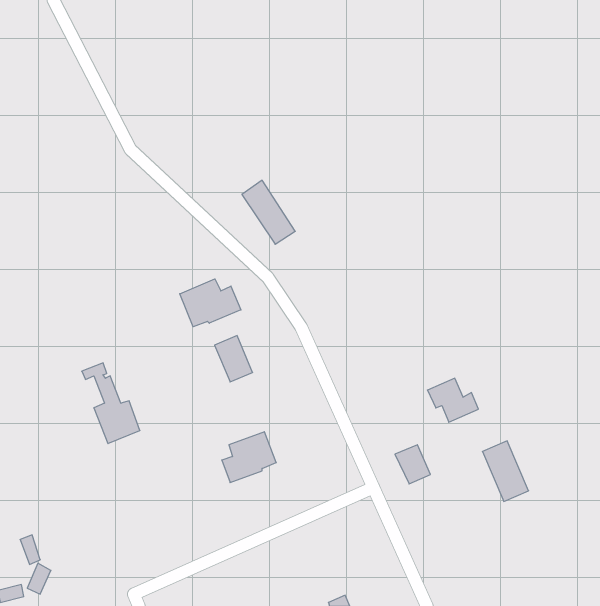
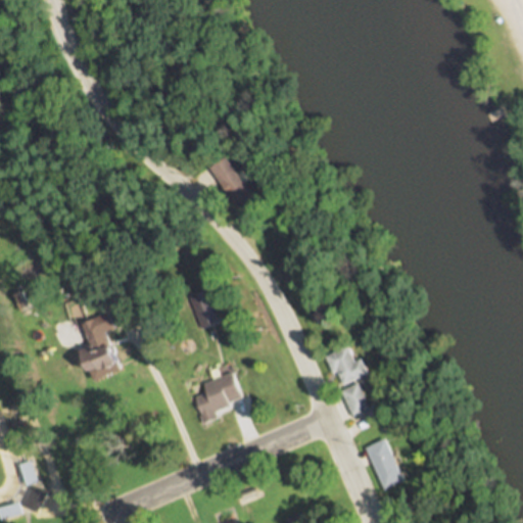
building: [180,279,241,327] -> none
building: [427,378,478,422] -> [326,347,370,385]
building: [482,441,529,501] -> [366,438,406,490]

